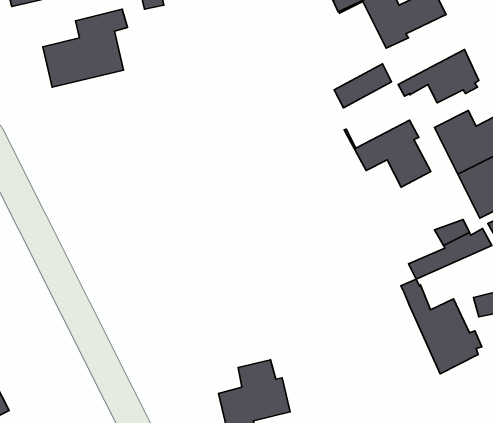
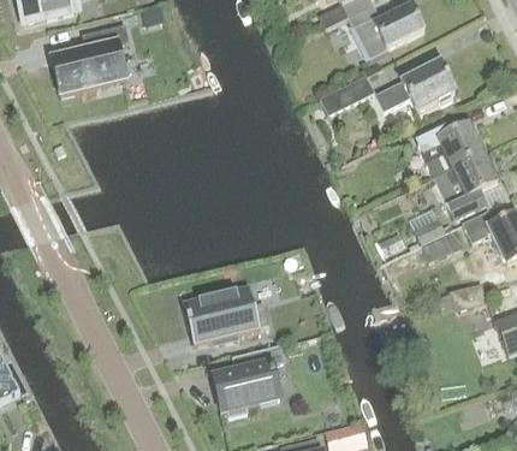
building: [344,120,431,187] -> none
building: [401,279,482,374] -> none
building: none -> [182,284,268,345]

